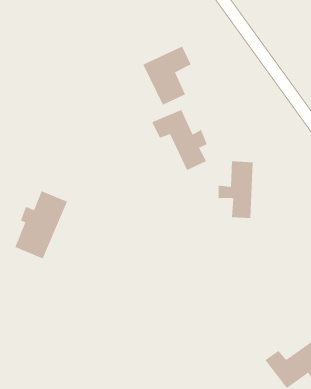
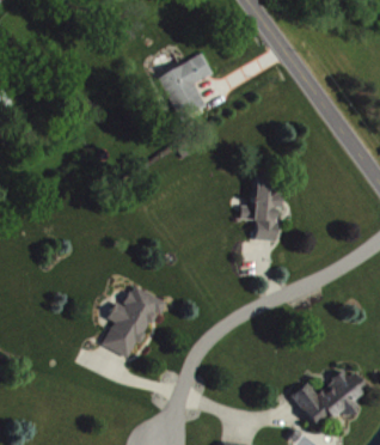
building: [152,109,207,171] -> none
building: [15,191,68,259] -> [104,285,161,359]

